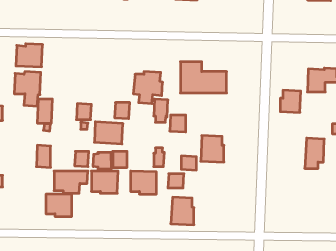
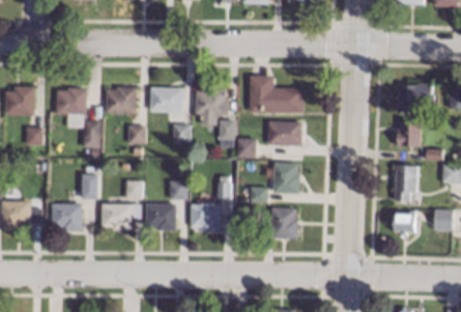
building: [16,44,43,67] -> [106,87,137,114]
building: [280,90,301,112] -> [398,121,422,147]
building: none -> [269,121,302,146]
building: [94,122,123,144] -> [150,87,183,113]
building: [93,152,111,169] -> none
building: none -> [394,211,419,235]
building: [46,194,72,216] -> [53,204,83,230]
building: [171,197,194,225] -> [271,207,298,239]

